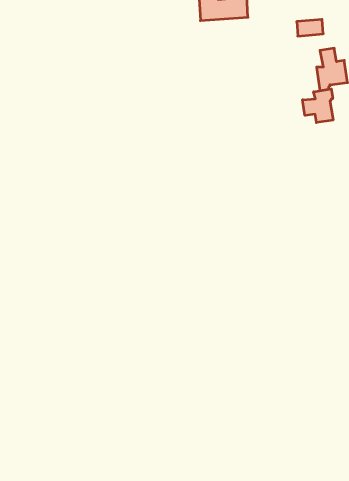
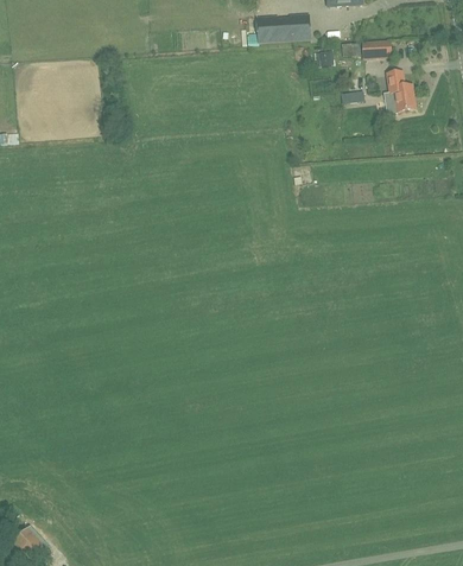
building: [303,89,333,123] -> none

